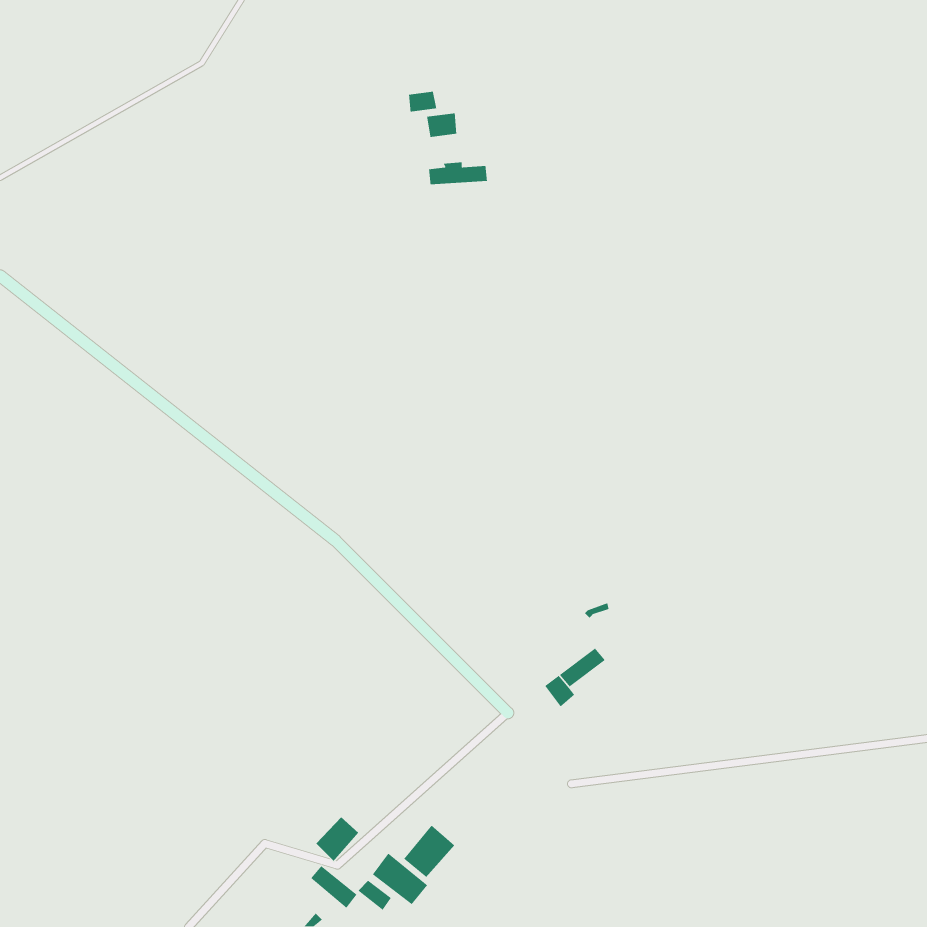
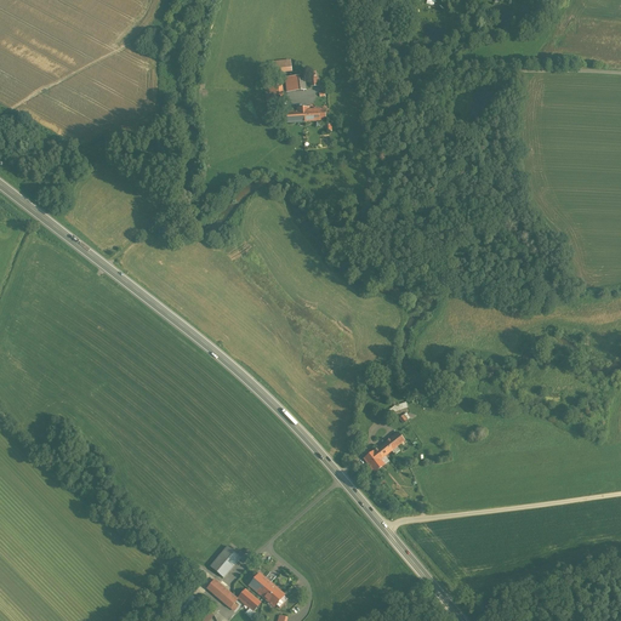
building: [403,824,455,878] -> none

